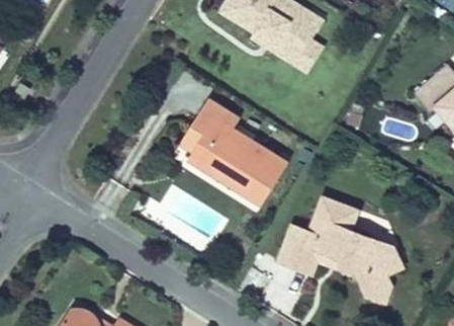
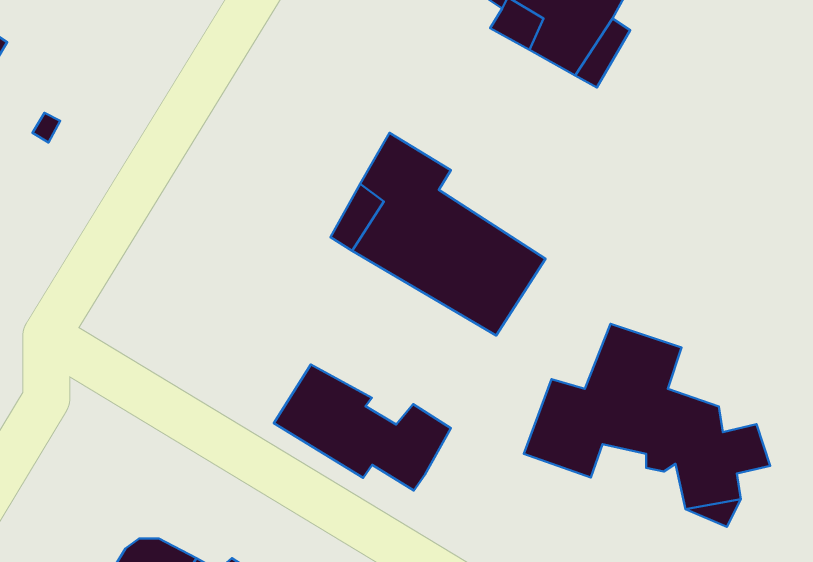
building: none -> [274,364,451,491]

